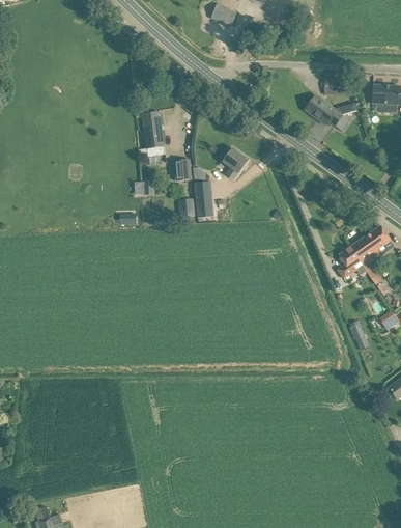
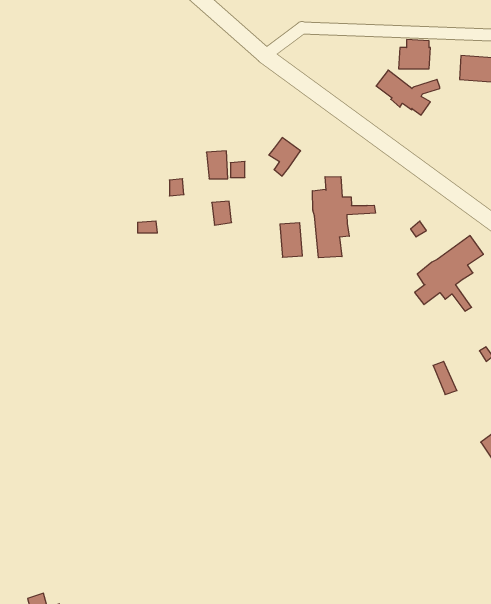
building: [142,112,163,156] -> none
building: none -> [312,177,375,258]
building: [194,190,211,217] -> [280,223,302,257]

